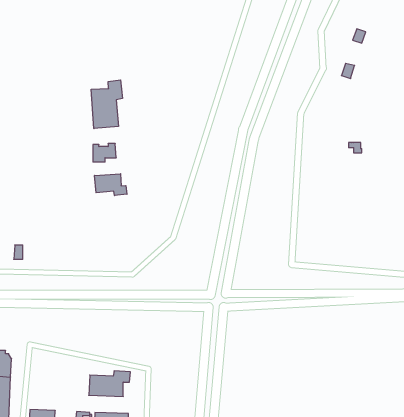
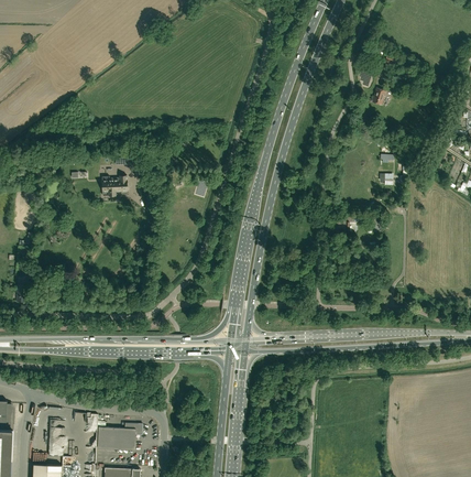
building: [91,80,122,129] -> none
building: [95,174,127,196] -> none

